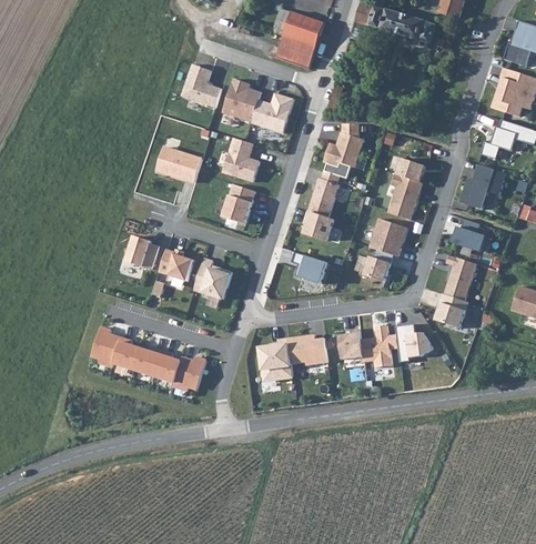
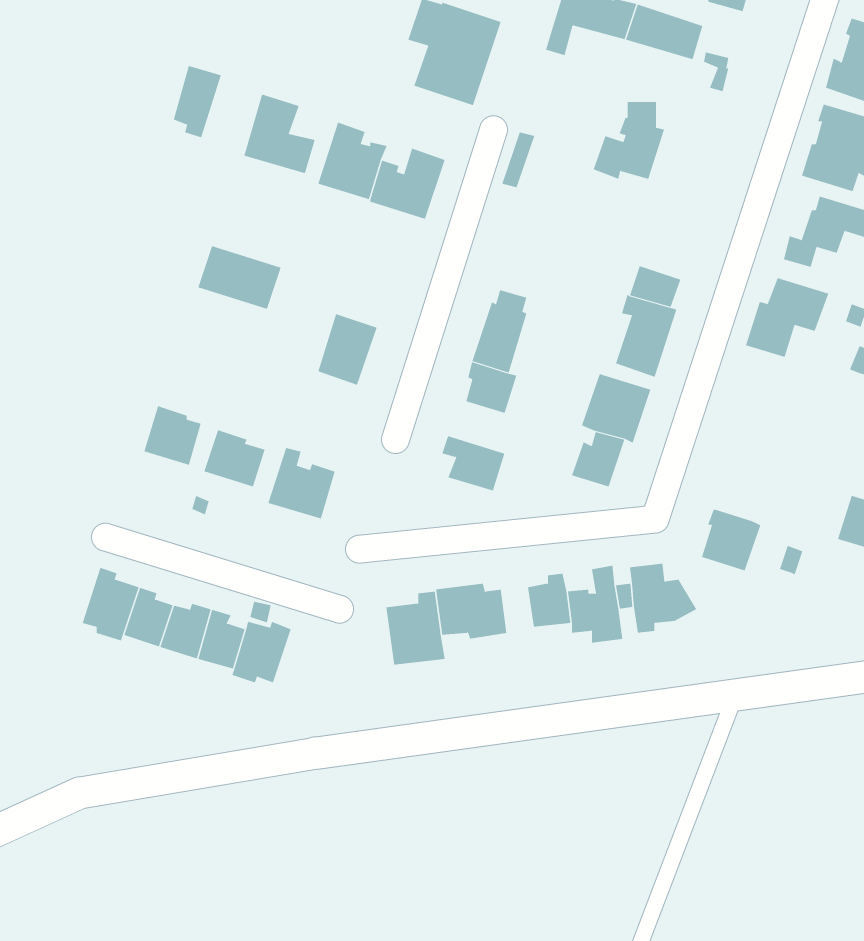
building: none -> [173,65,222,138]
building: [323,123,363,167] -> [593,101,665,179]
building: [222,139,259,182] -> none
building: [452,218,483,250] -> none
building: [443,254,476,300] -> none

